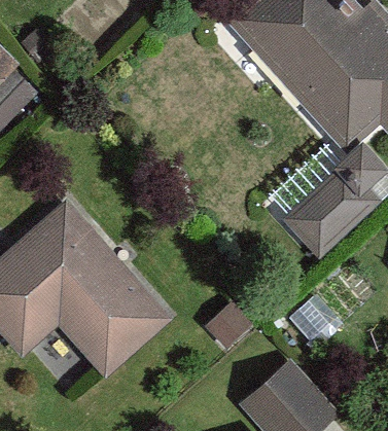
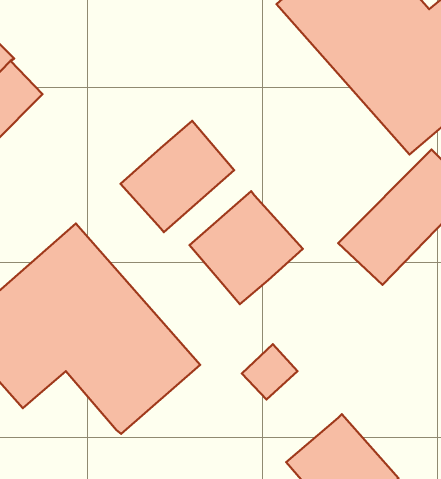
building: none -> [120,121,234,232]
building: none -> [190,191,303,304]

